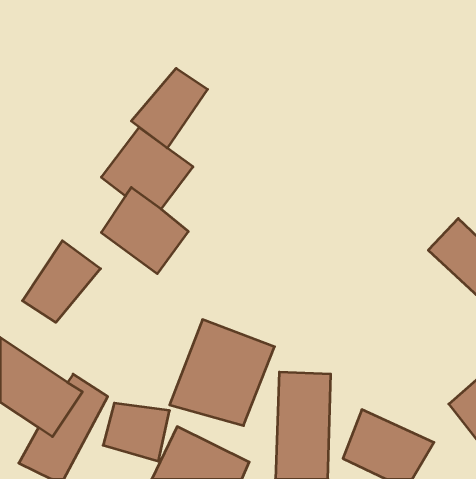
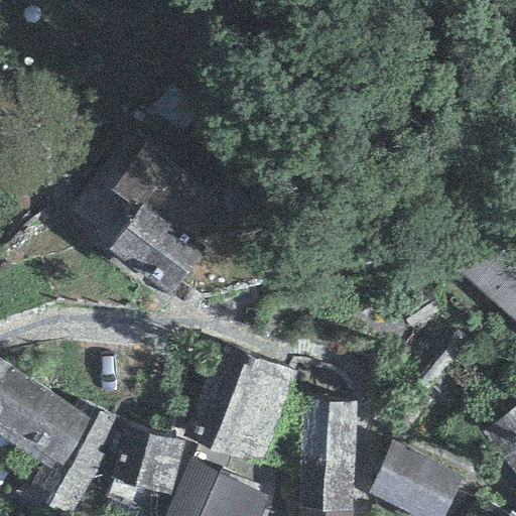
building: [131,68,208,148] -> none
building: [22,241,101,322] -> none

